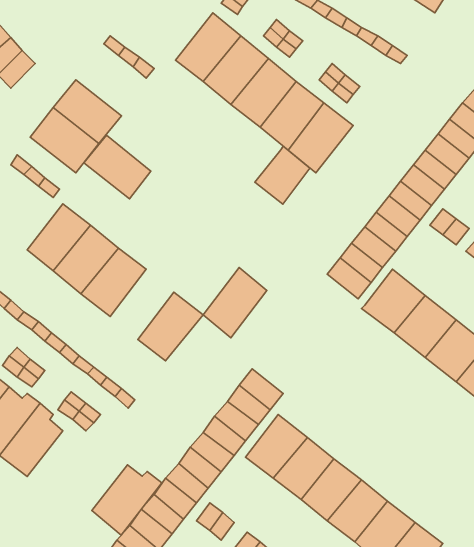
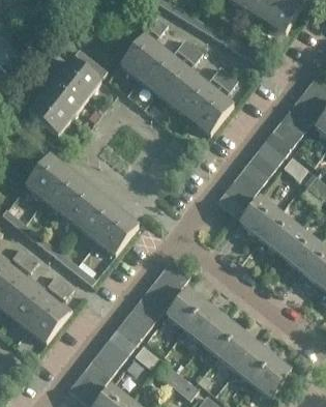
building: [84,135,151,199] -> [58,60,100,100]
building: [255,146,310,204] -> none
building: [203,268,267,338] -> [80,198,120,242]
building: [92,465,162,535] -> [27,300,71,345]

